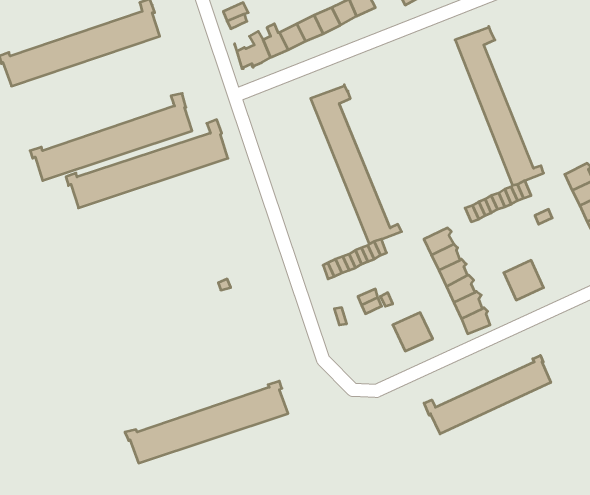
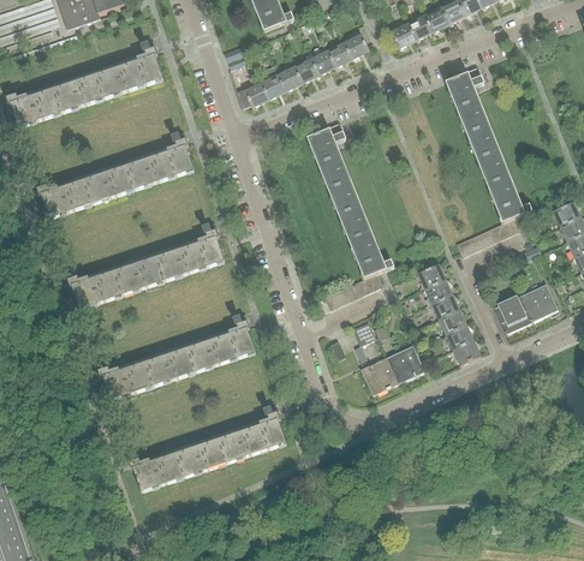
building: [66,120,228,208] -> [68,223,225,309]
building: none -> [520,282,559,321]
building: none -> [100,315,255,400]
building: none -> [362,357,399,394]
building: [424,355,551,434] -> none

